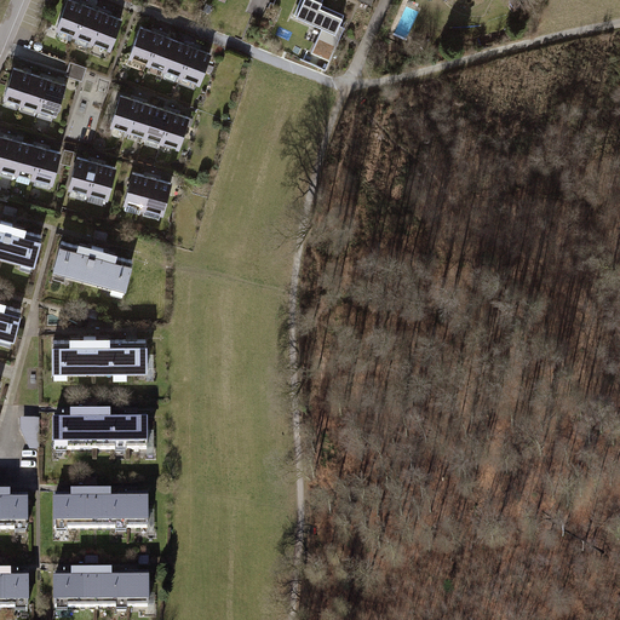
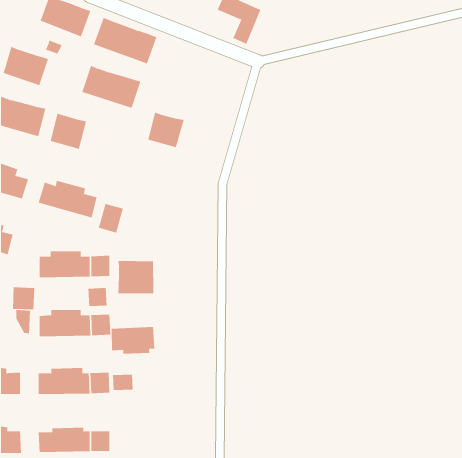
building: [121,166,171,214] -> [147,112,184,148]
building: none -> [98,203,123,233]
building: none -> [118,260,154,294]
building: none -> [12,287,35,310]
building: none -> [88,287,107,307]
building: none -> [111,326,155,354]
building: none -> [112,374,133,391]

